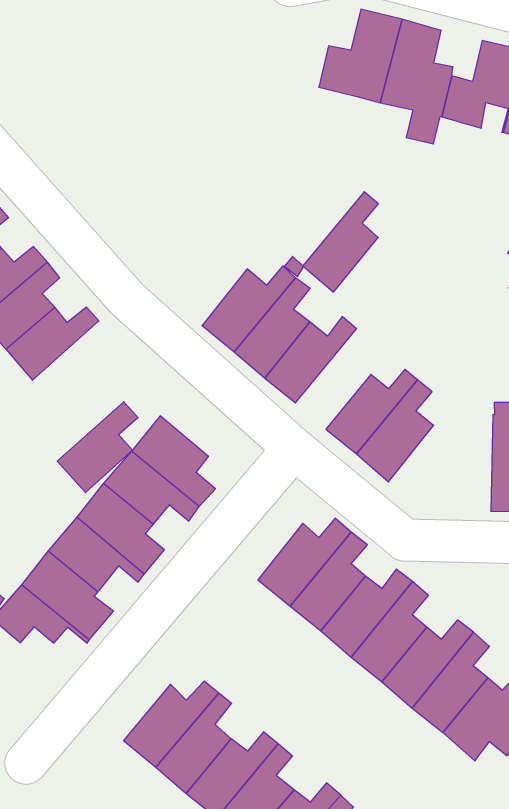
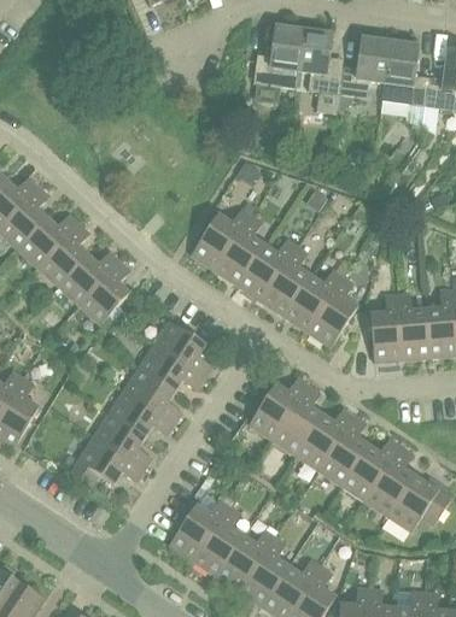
building: [303,192,378,292] -> [261,245,310,316]
building: [57,402,138,493] -> [78,259,130,324]
building: none -> [370,293,403,362]

